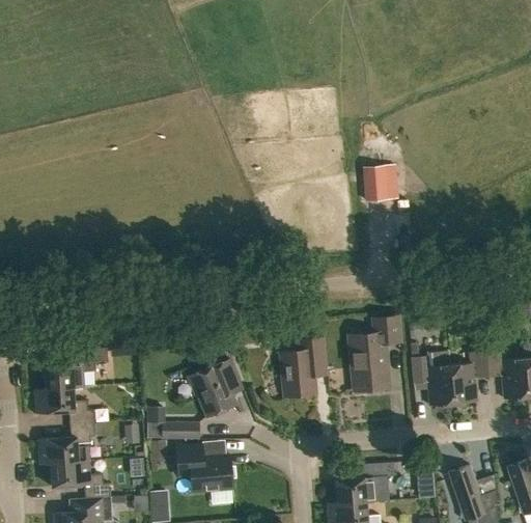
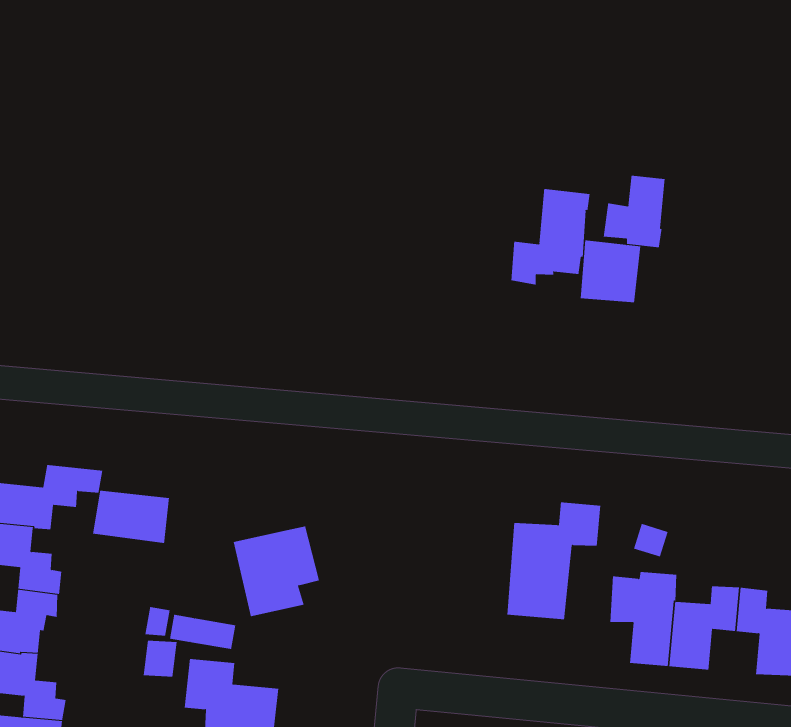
building: none -> [603,175,665,248]
building: none -> [511,188,590,285]
building: [280,338,327,397] -> none
building: none -> [92,490,170,544]

